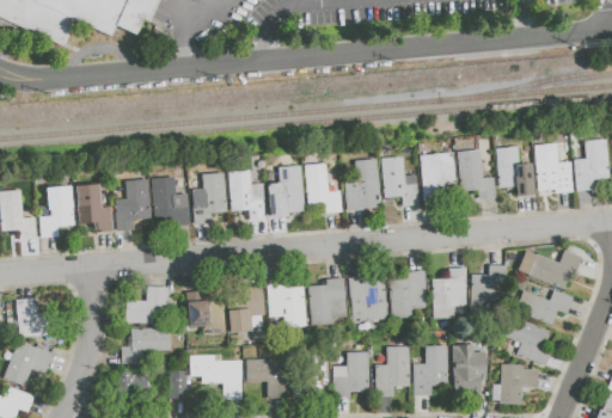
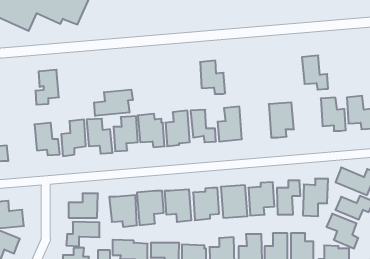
building: none -> [94,90,133,116]
building: [457,149,495,199] -> [302,55,328,90]
building: [381,156,418,205] -> [200,61,225,94]
building: [39,185,74,236] -> [35,70,59,105]

